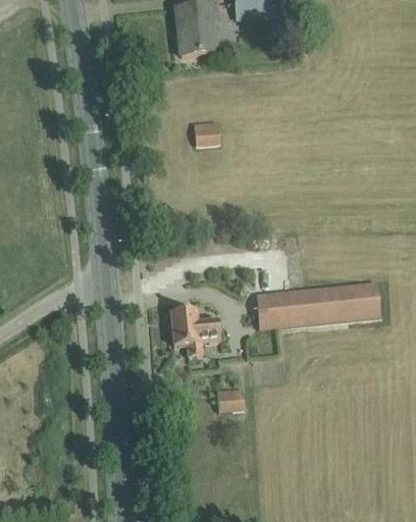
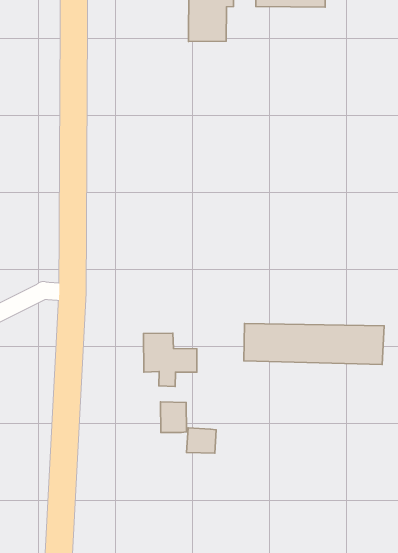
building: [193,122,219,145] -> none
building: none -> [160,402,186,433]

